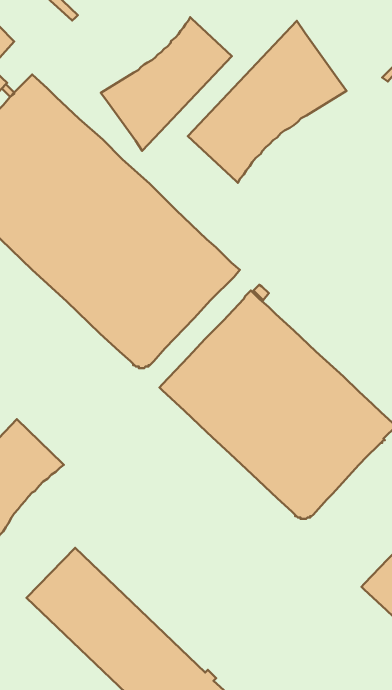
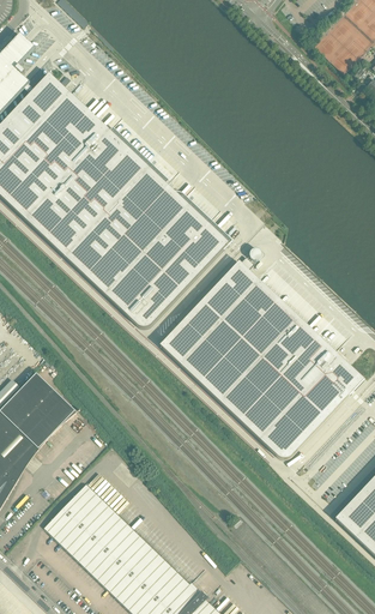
building: [101,17,232,151] -> none
building: [188,21,347,183] -> none

